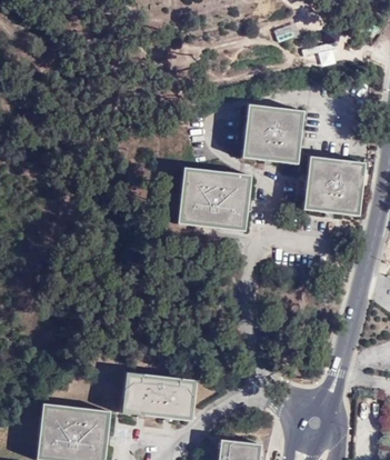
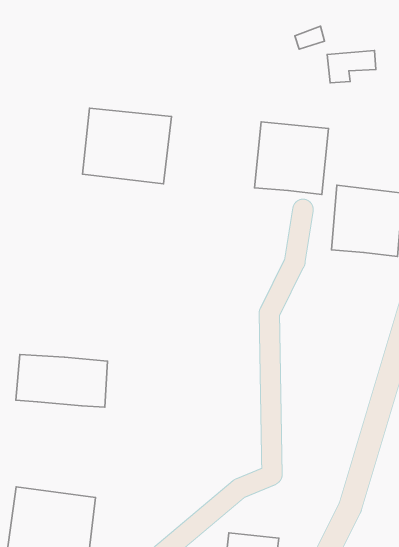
building: [179,168,252,230] -> [83,108,172,184]
building: [123,373,199,417] -> [16,355,107,407]

